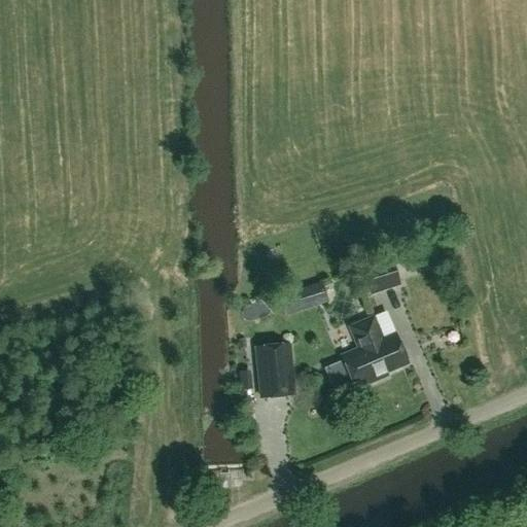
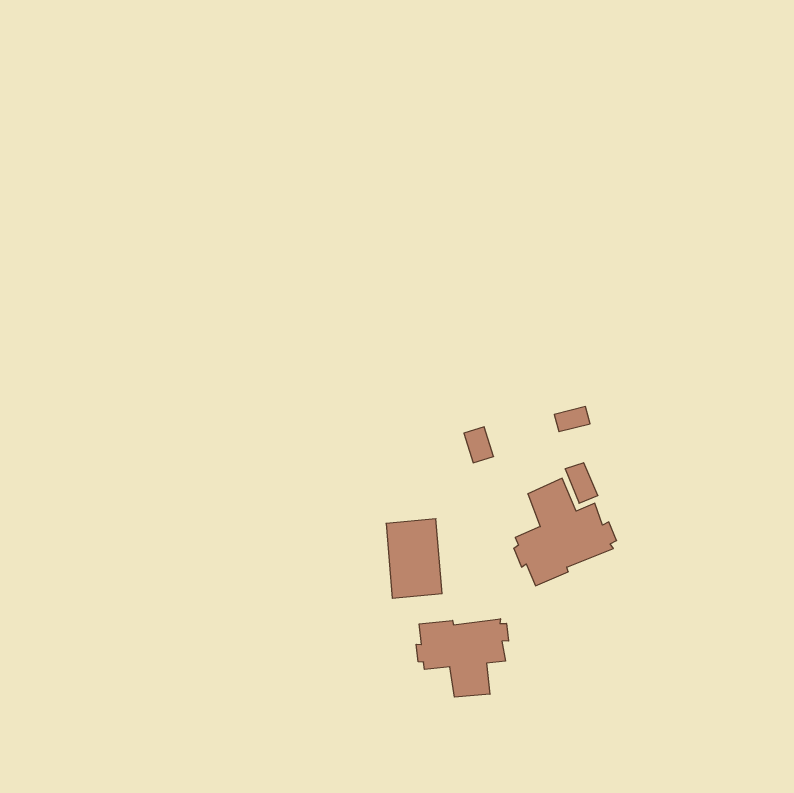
building: none -> [416,619,509,697]

